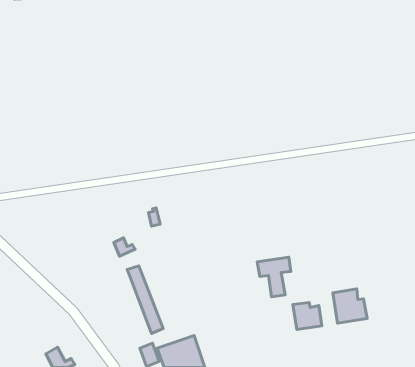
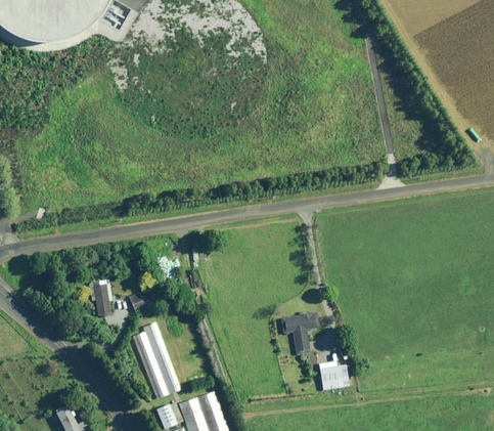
building: none -> [91,283,114,315]
building: none -> [132,332,170,399]
building: [333,289,367,323] -> none

